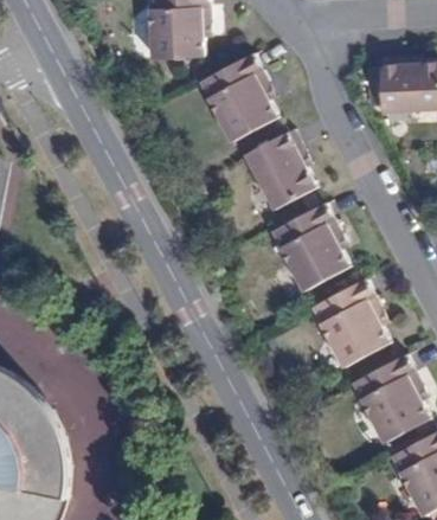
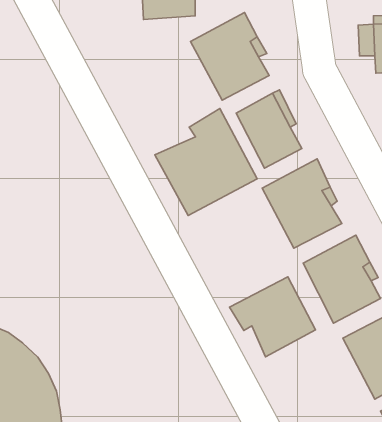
building: none -> [155,108,257,215]
building: none -> [230,277,316,357]

